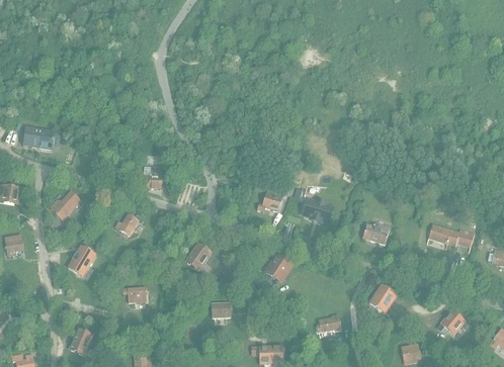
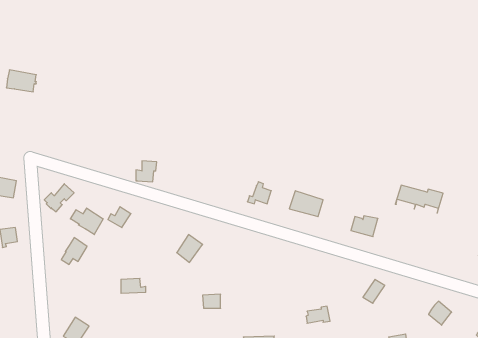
building: [23,126,54,149] -> [6,70,36,92]
building: none -> [70,208,103,235]
building: [426,223,475,252] -> [395,185,443,213]
building: [266,254,292,281] -> none

